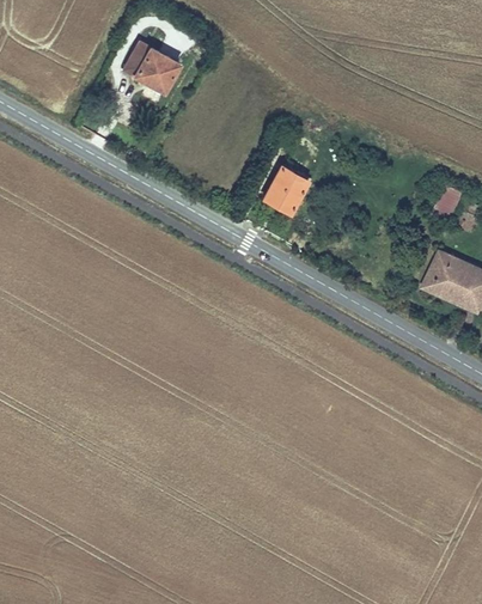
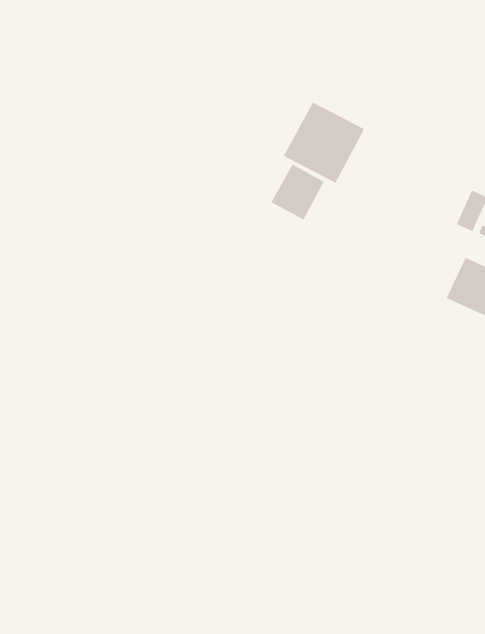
building: [122,41,181,94] -> none
building: none -> [283,101,365,184]

